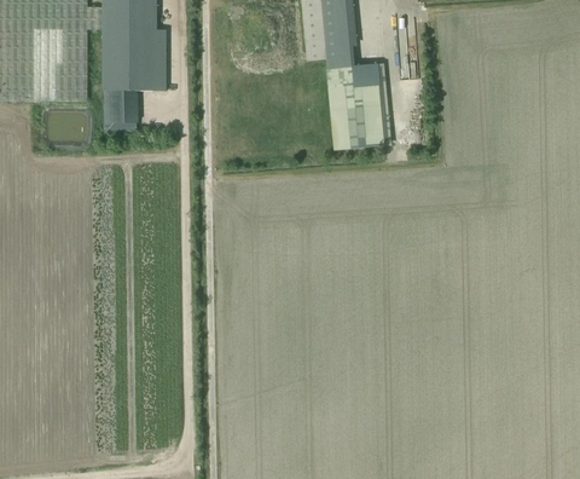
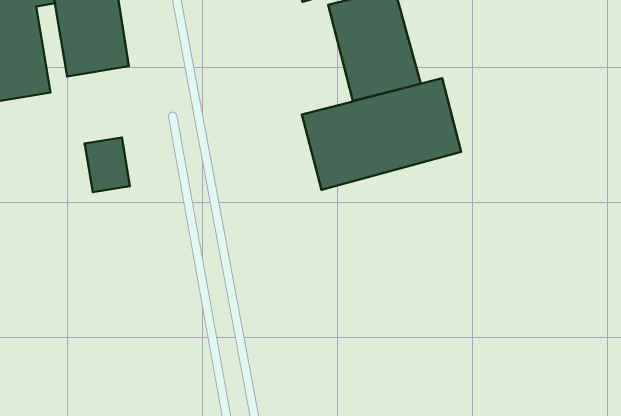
building: [105,90,137,131] -> [85,137,130,192]
building: none -> [302,78,461,190]

